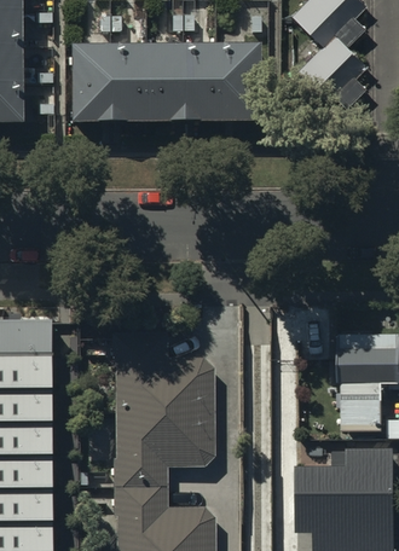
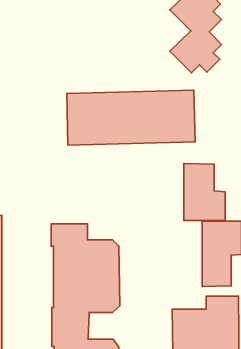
building: [73,37,265,120] -> [67,90,195,145]
building: none -> [184,164,225,221]

